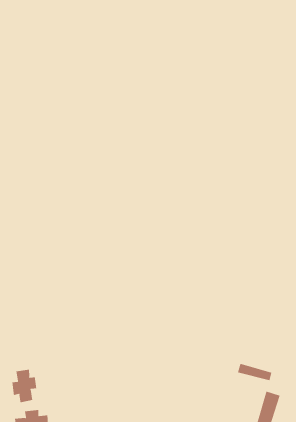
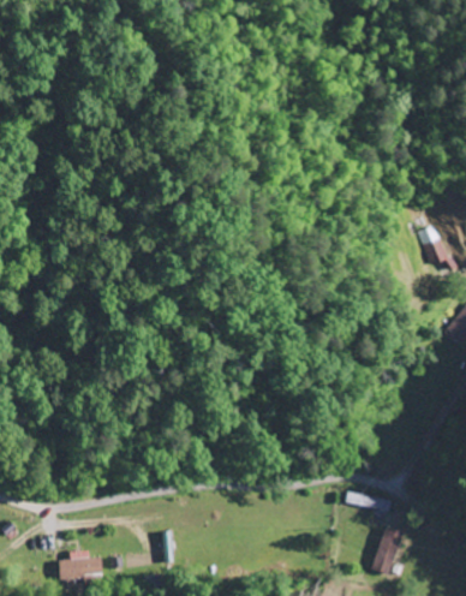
building: [12,369,37,403] -> none

